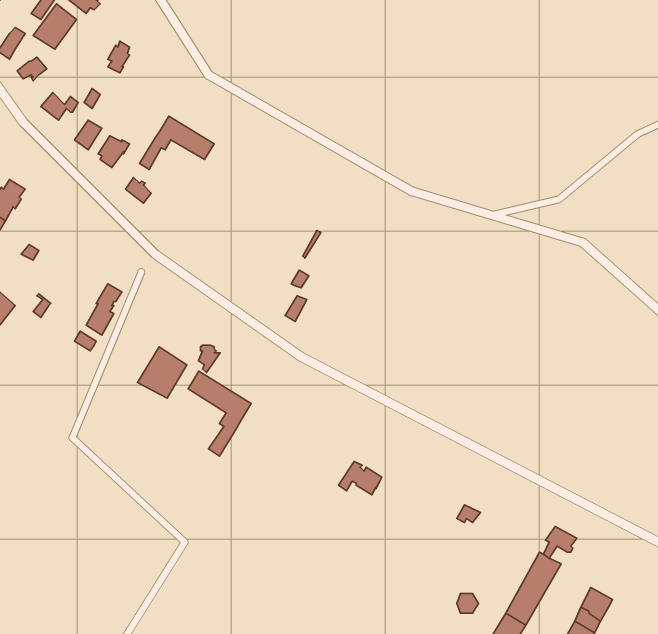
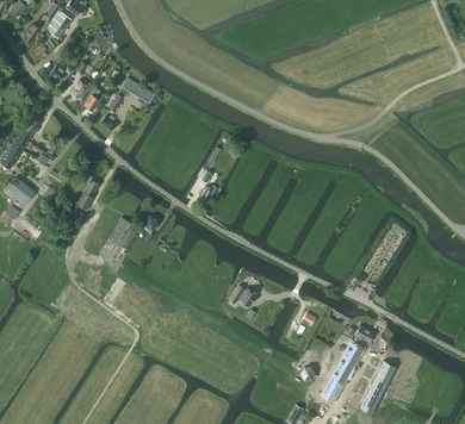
building: [188,371,251,456] -> none

